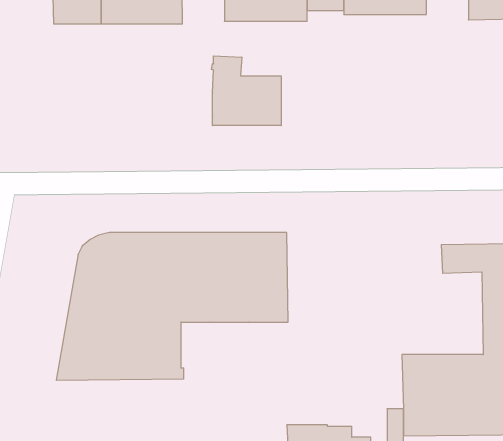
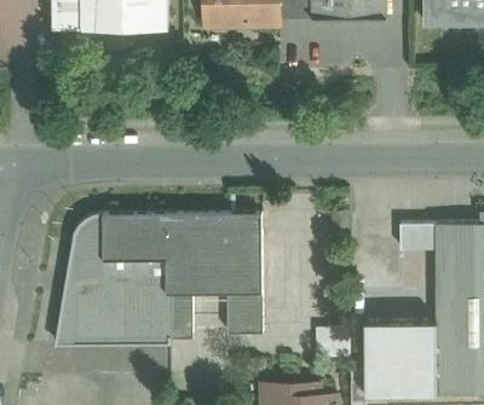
building: [211,56,281,126] -> none
building: none -> [167,293,192,334]
building: none -> [227,293,263,334]

